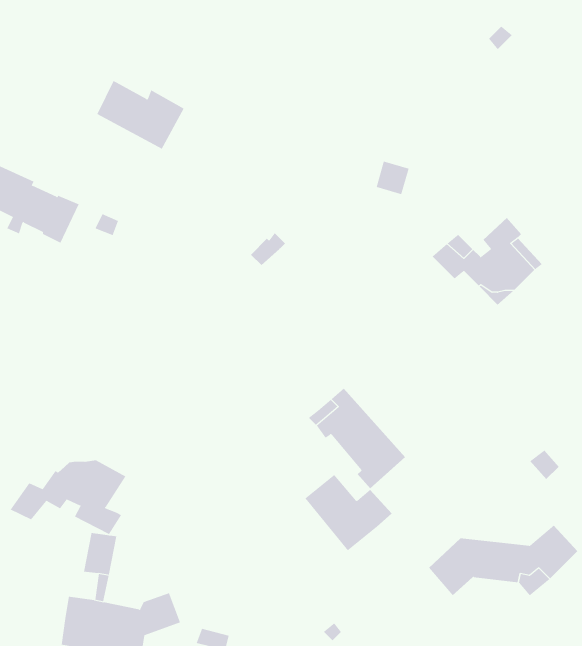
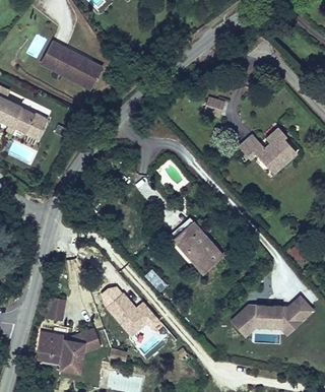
building: none -> [42,41,84,70]
building: [10,459,126,535] -> none
building: [304,474,393,551] -> [109,292,156,334]

